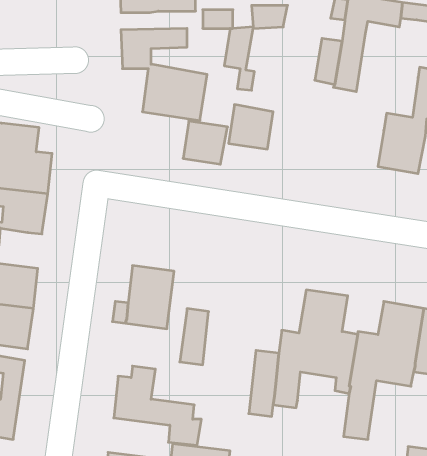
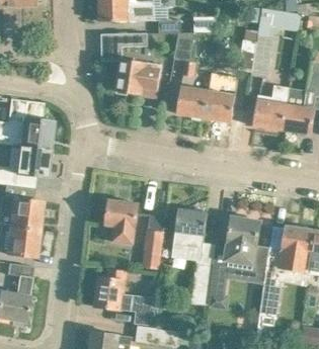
building: none -> [252,85,289,129]
building: [183,121,228,164] -> [204,91,235,121]
building: none -> [173,208,207,248]

